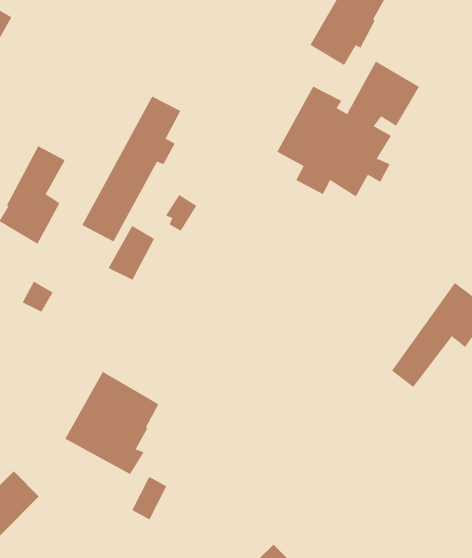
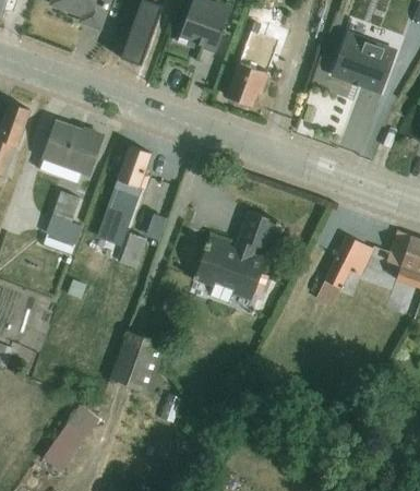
building: none -> [39,122,101,183]
building: [277,61,420,197] -> [193,211,279,303]

